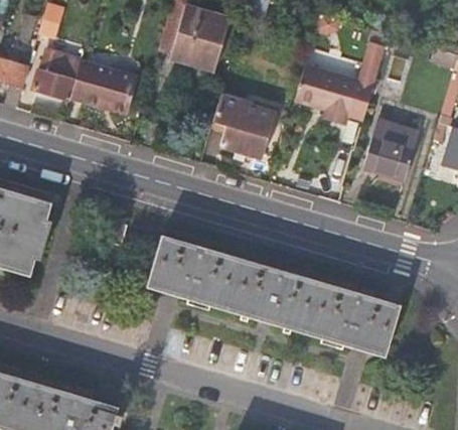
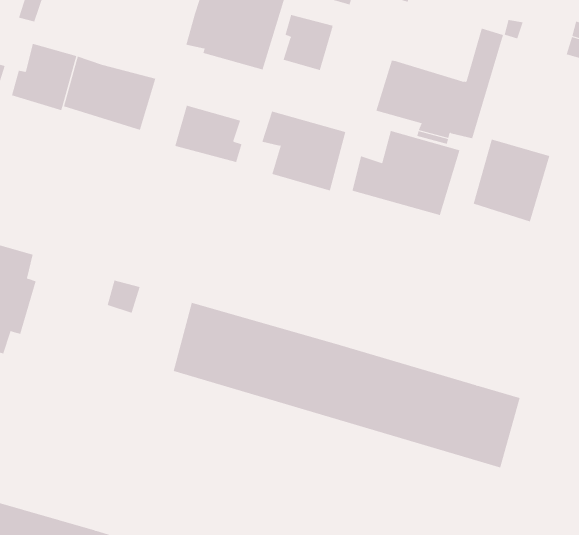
building: none -> [283,14,333,71]
building: none -> [175,105,242,163]
building: none -> [352,130,460,216]

